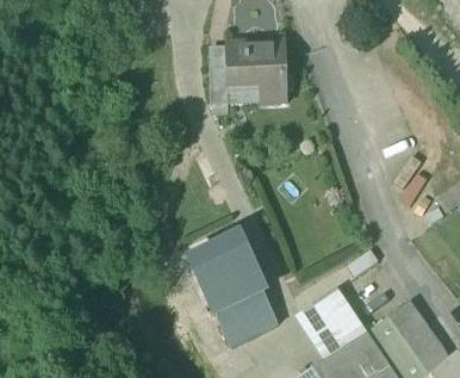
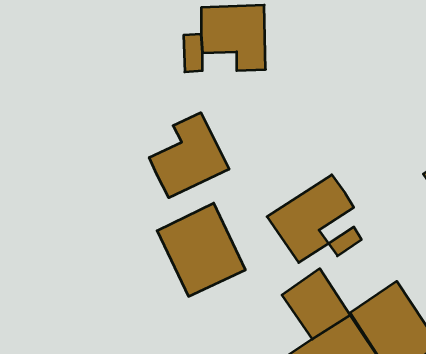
building: none -> [149,113,229,198]
building: none -> [267,175,354,263]
building: [220,292,276,342] -> none

